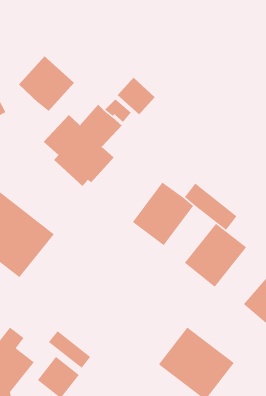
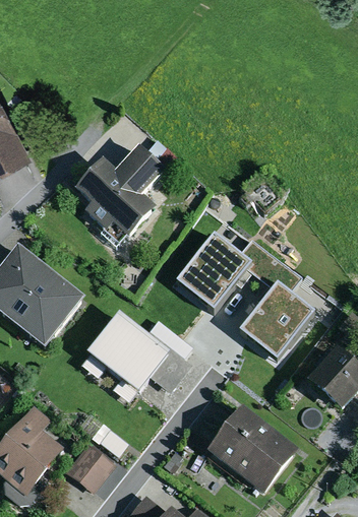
building: [18,56,75,112] -> none
building: [117,77,156,115] -> none
building: none -> [84,311,191,394]

